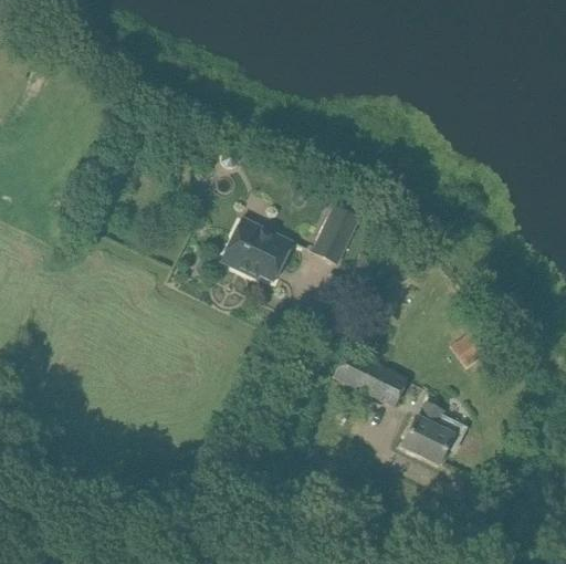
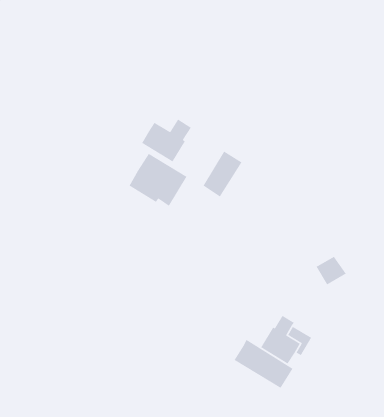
building: none -> [141,119,192,162]
building: [332,349,407,407] -> [234,339,293,389]

